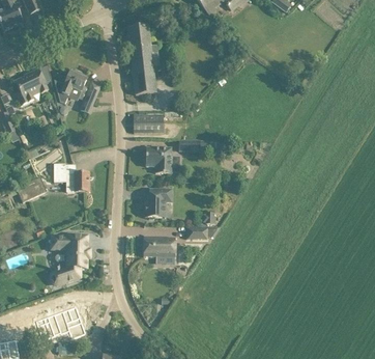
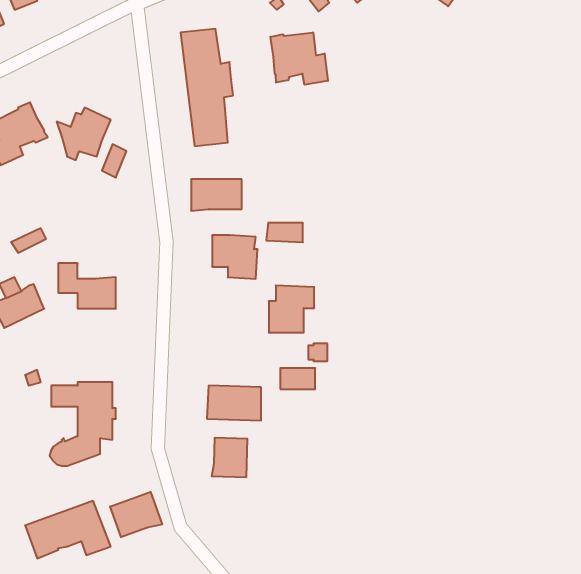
building: none -> [270,32,328,85]
building: [144,189,171,217] -> [269,285,314,333]
building: none -> [212,438,247,477]
building: none -> [110,492,162,537]

